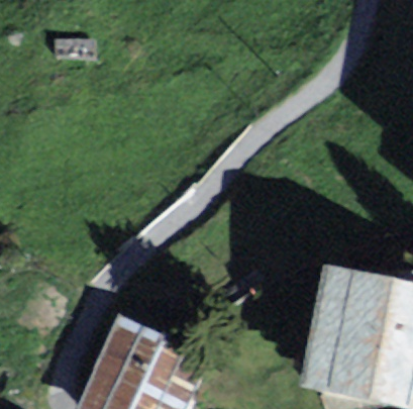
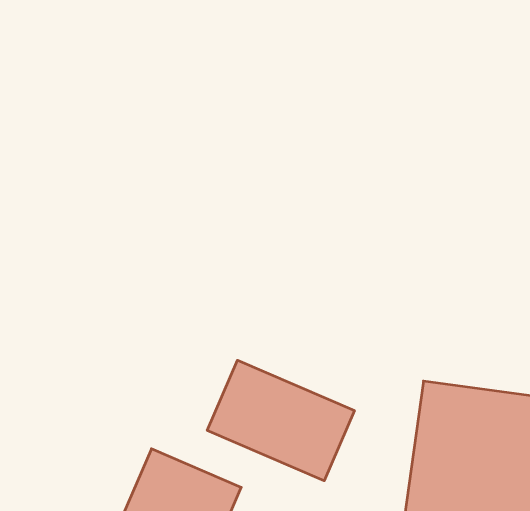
building: none -> [207,360,354,481]

